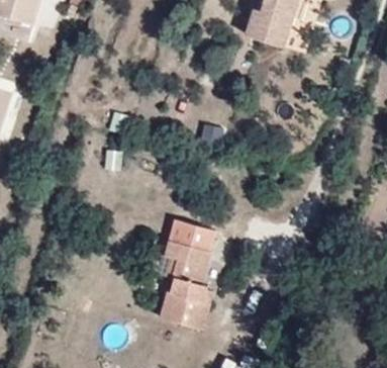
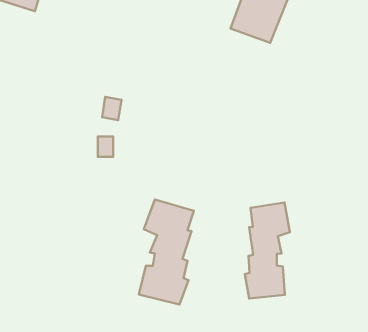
building: none -> [245,203,290,299]

